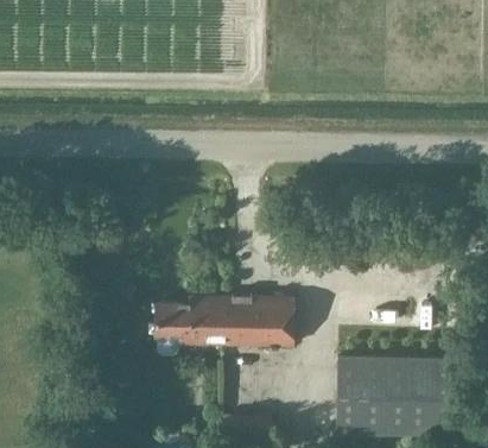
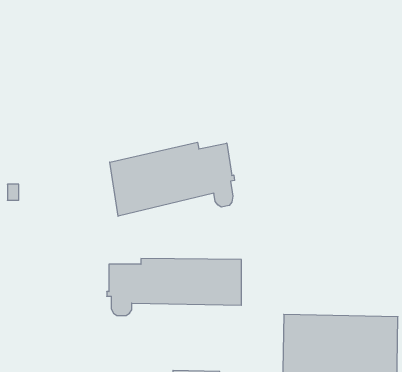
building: none -> [110,142,235,216]

